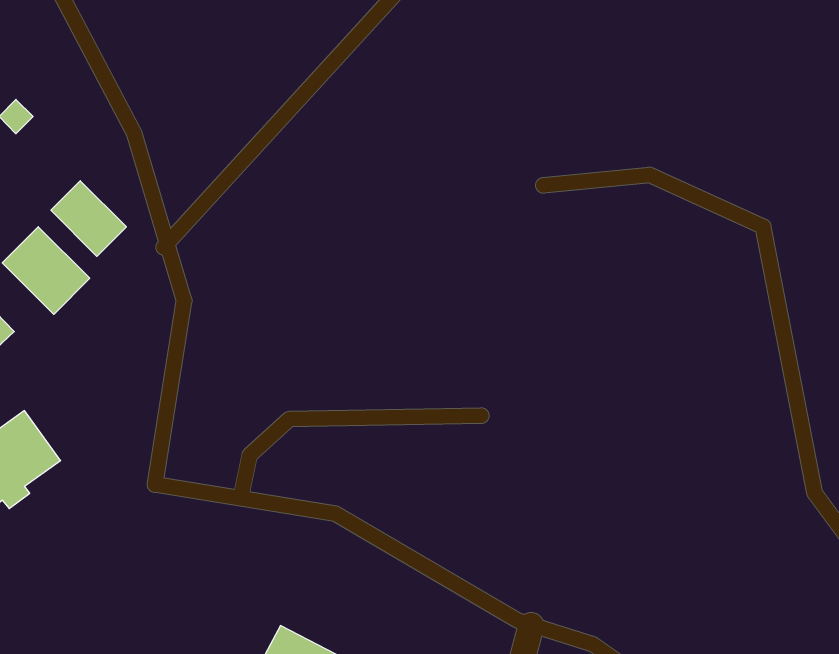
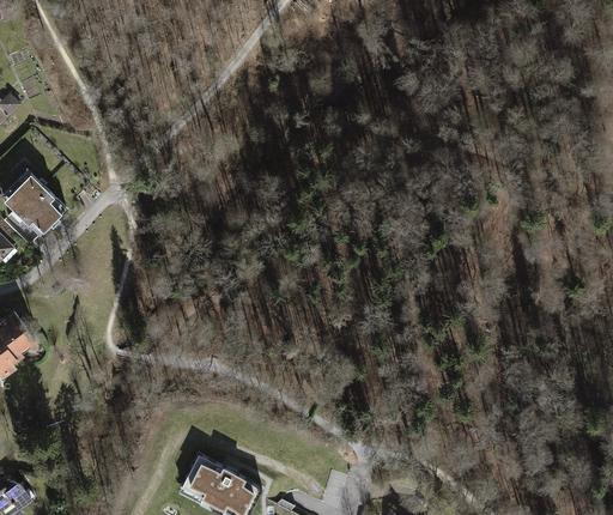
building: [51,181,126,256] -> none

